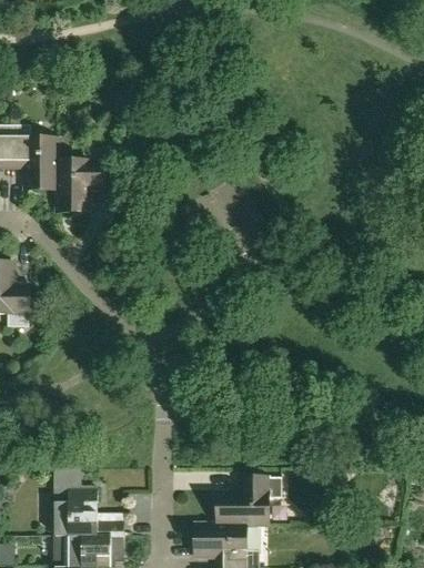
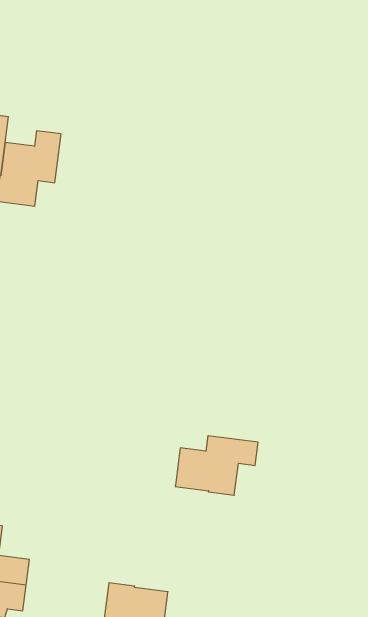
building: [216,478,282,526] -> [175,436,258,495]

